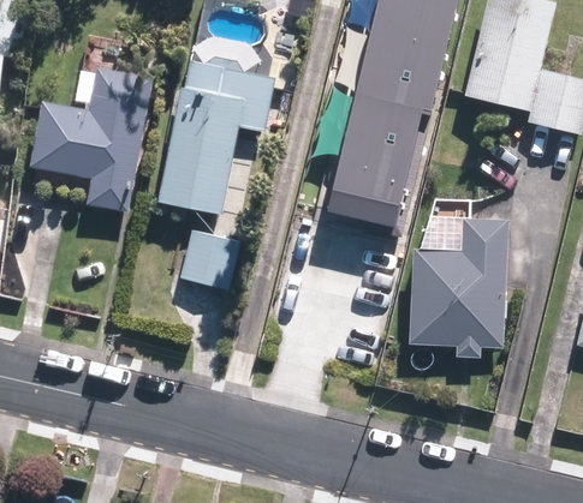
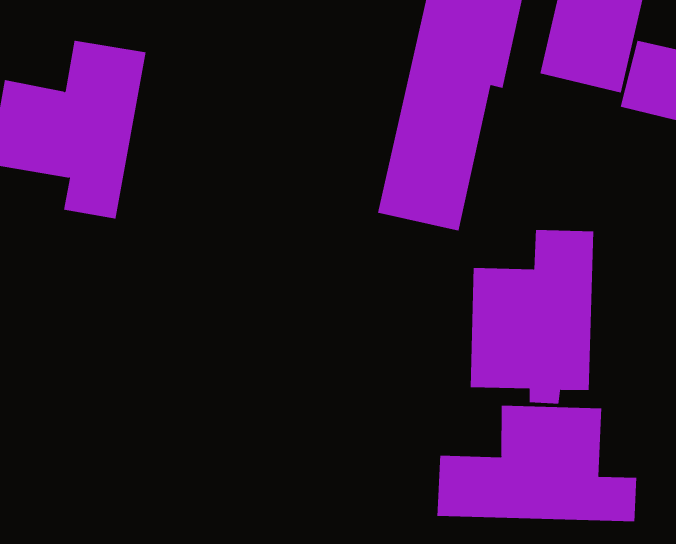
building: [156,60,275,215] -> none
building: [182,230,240,288] -> none
building: none -> [437,405,637,522]

